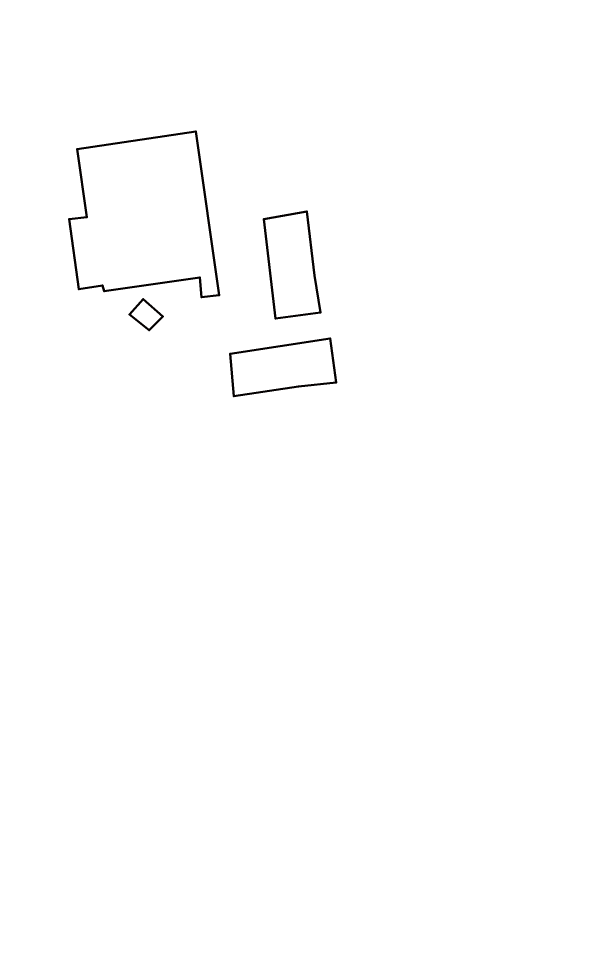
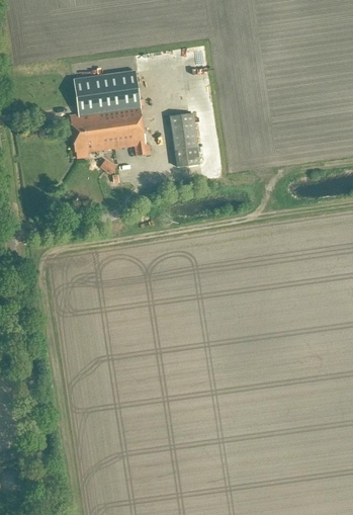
building: [230,339,336,396] -> none

